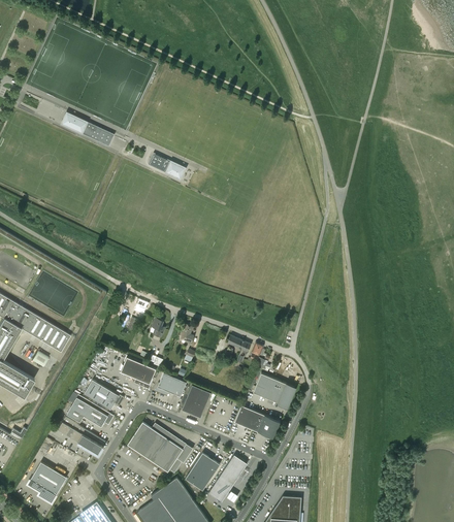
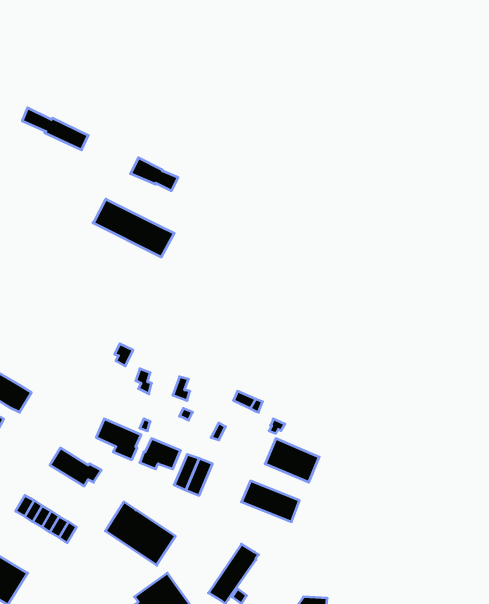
building: none -> [93,199,174,257]
building: [67,391,115,427] -> none
building: [186,453,220,490] -> none

